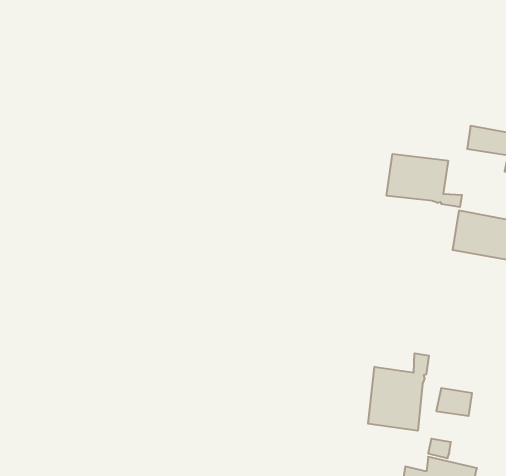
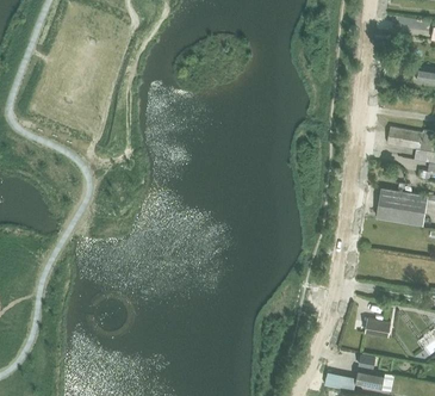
building: [387,154,462,207] -> none
building: [368,353,429,431] -> none

